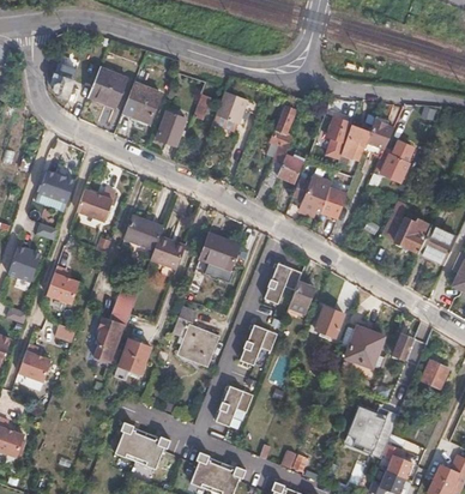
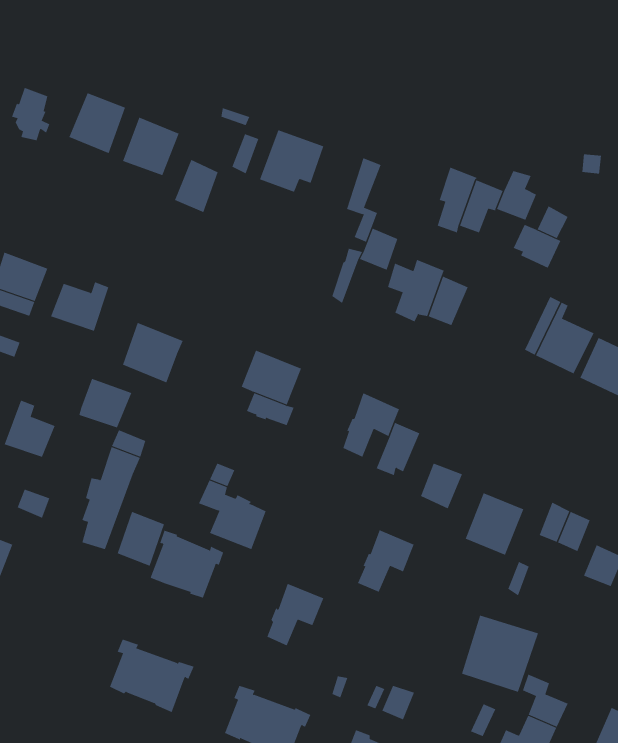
building: [151,236,186,269] -> [79,378,132,428]
building: [241,324,278,365] -> [357,530,414,592]
building: none -> [150,530,224,599]

